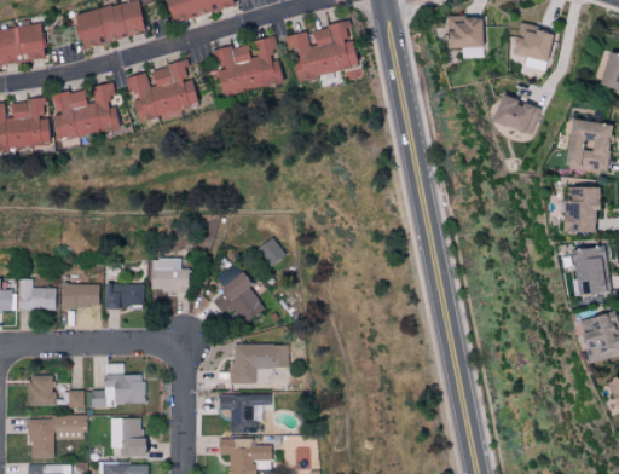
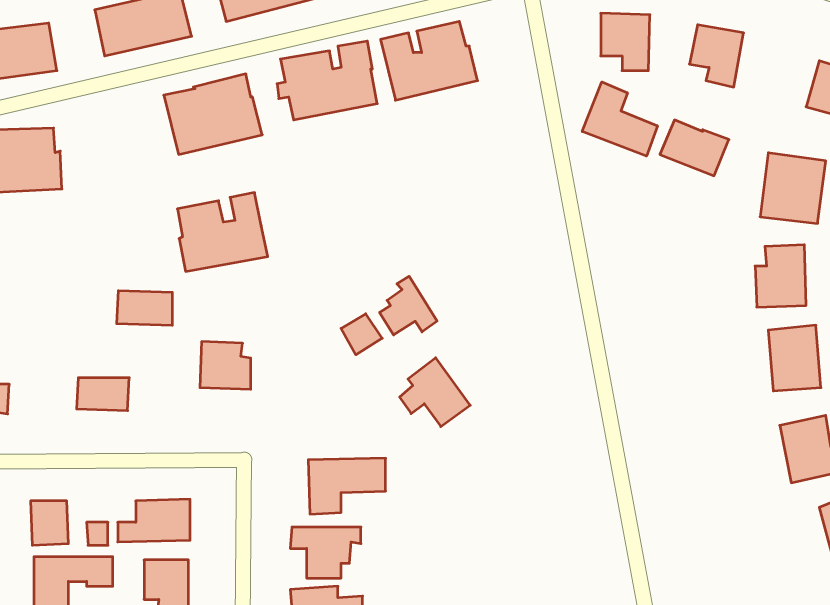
building: none -> [582,82,657,156]
building: [53,82,120,140] -> [177,193,268,271]
building: none -> [380,276,437,335]
building: [214,272,266,323] -> [400,358,470,427]
building: [19,278,57,310] -> none
building: [104,283,145,308] -> [117,291,172,325]

